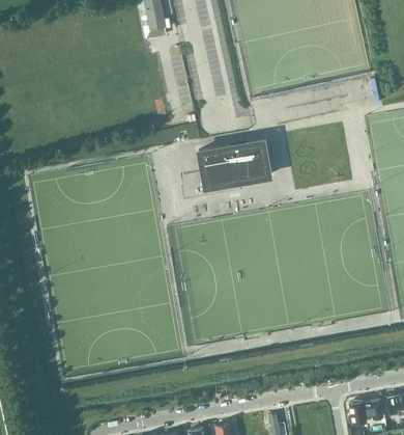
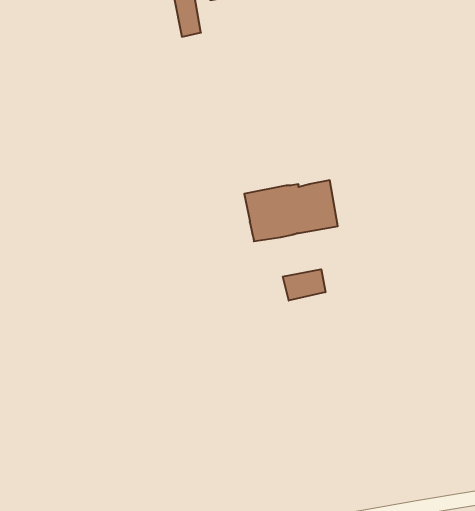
building: none -> [283,269,325,301]

